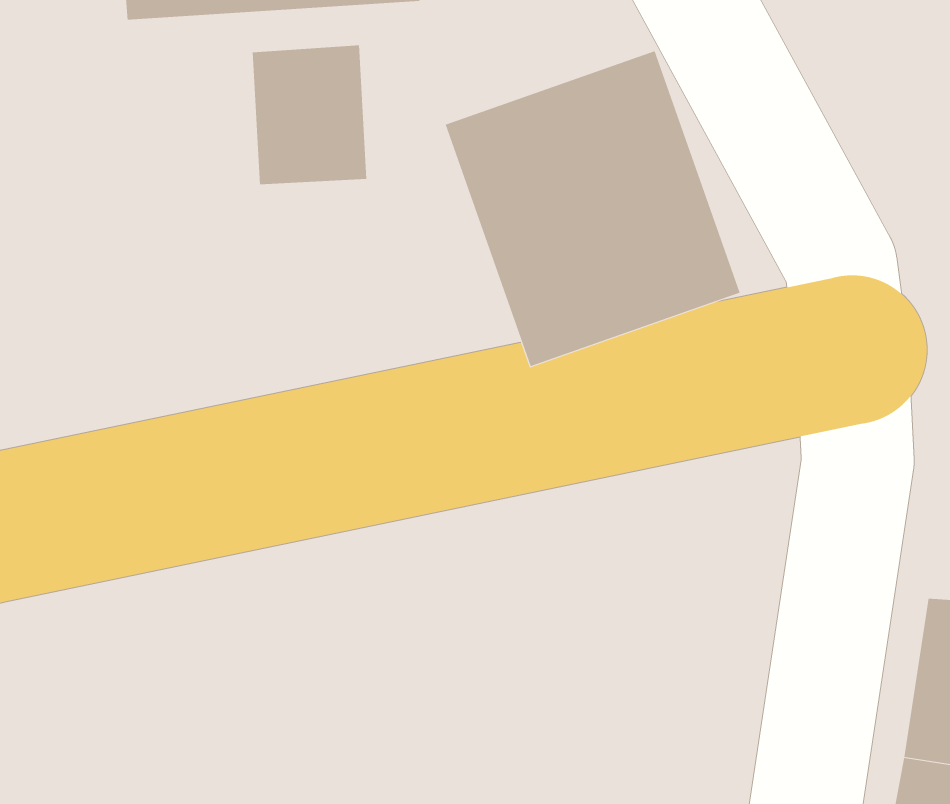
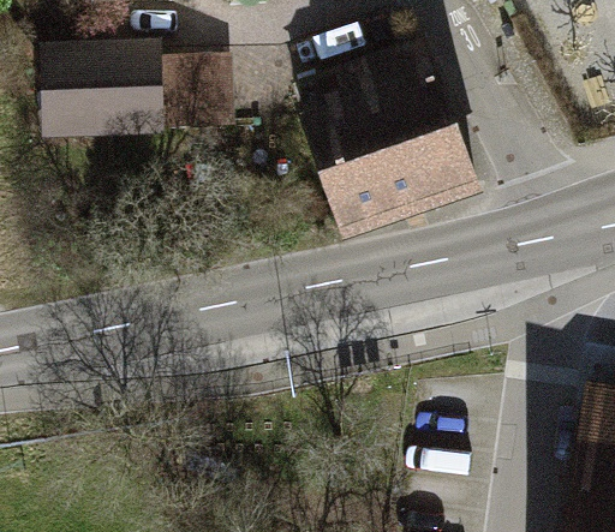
building: none -> [37,40,169,135]

